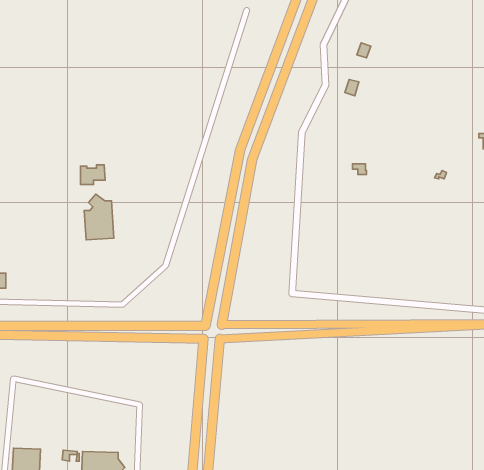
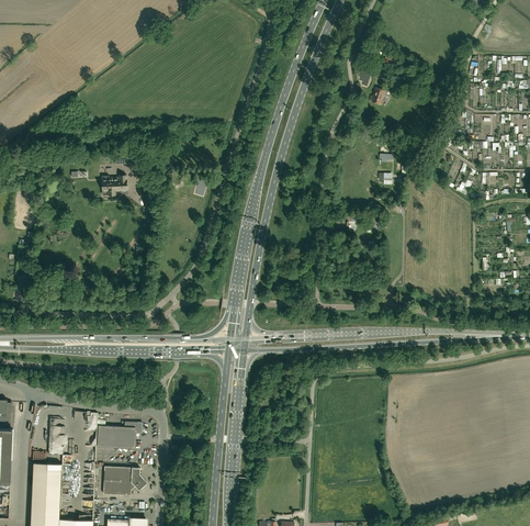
building: [84,194,114,240] -> none
building: none -> [97,422,142,449]

